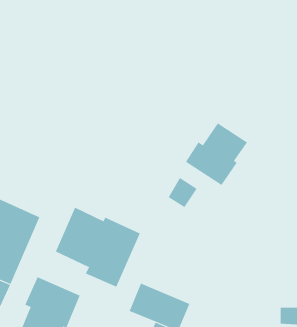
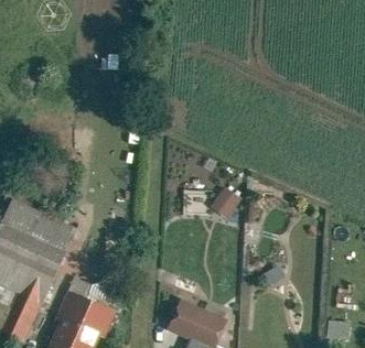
building: [185,123,248,186] -> none
building: [55,207,140,287] -> none

